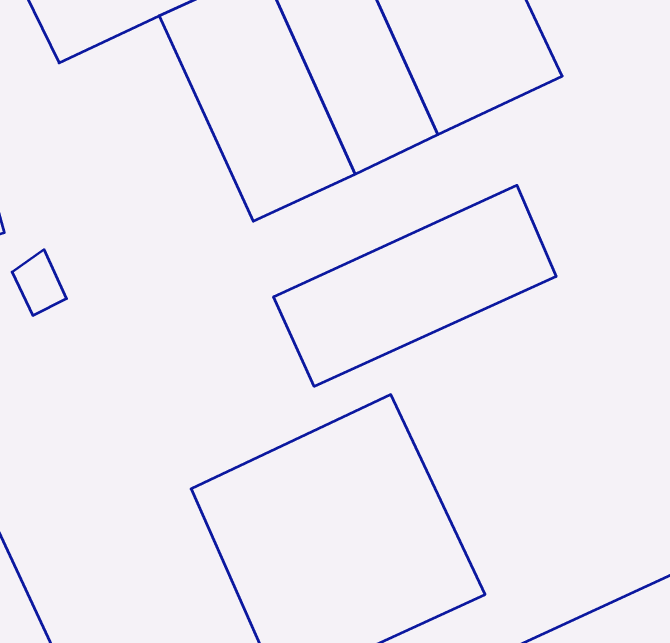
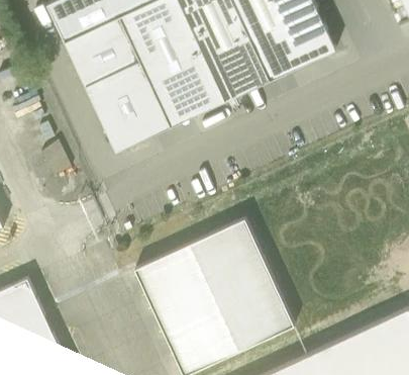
building: none -> [67,15,171,151]
building: [274,185,556,386] -> none

